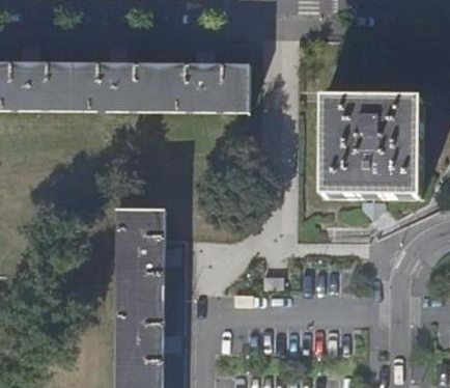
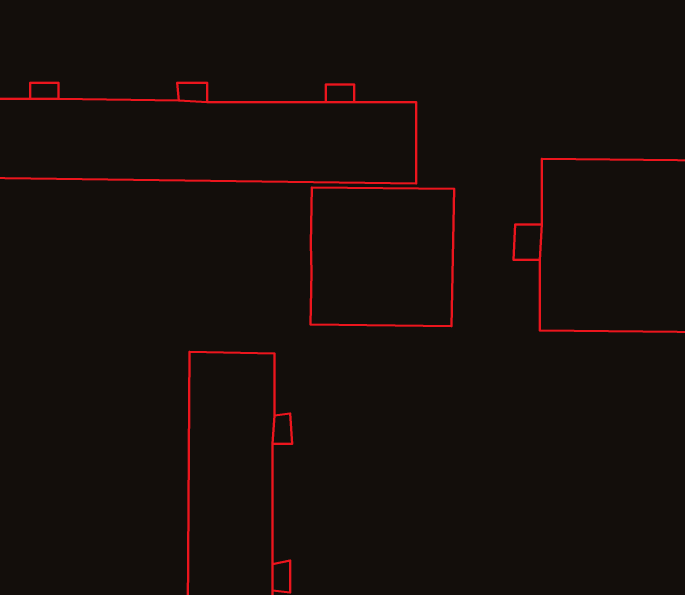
building: none -> [310,187,454,326]

